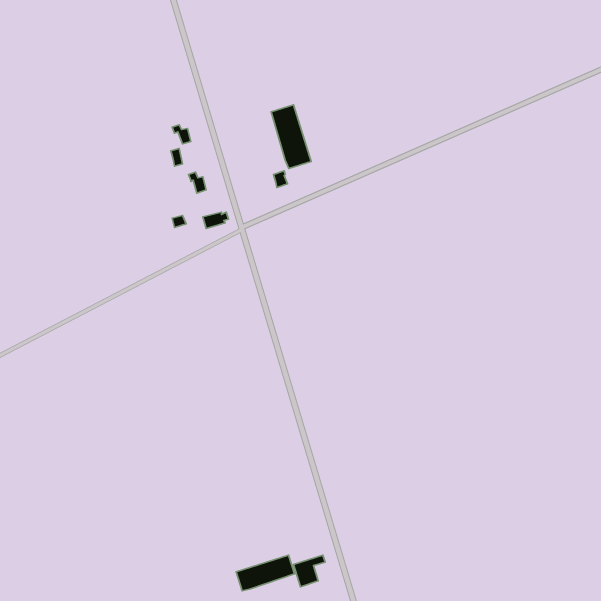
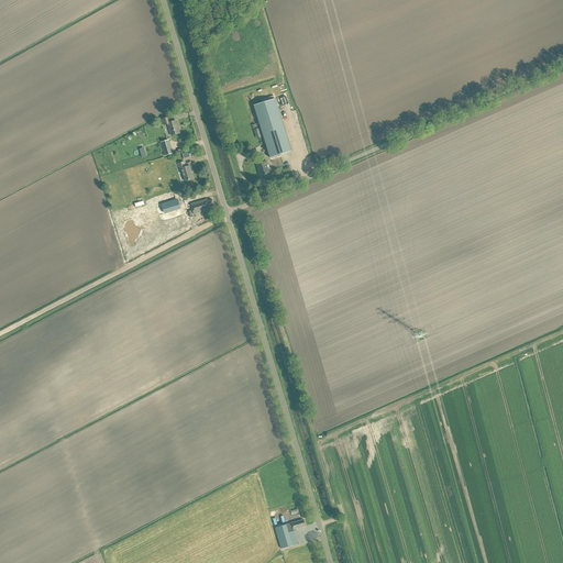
building: [236,555,295,591] -> none

